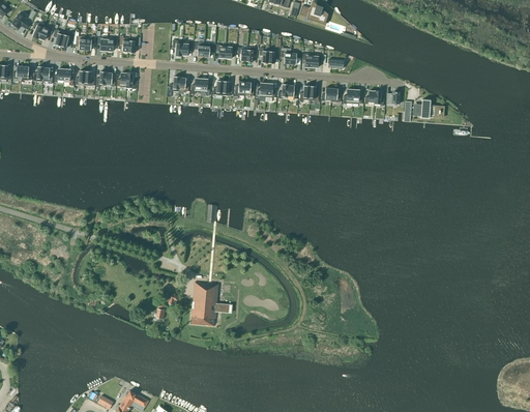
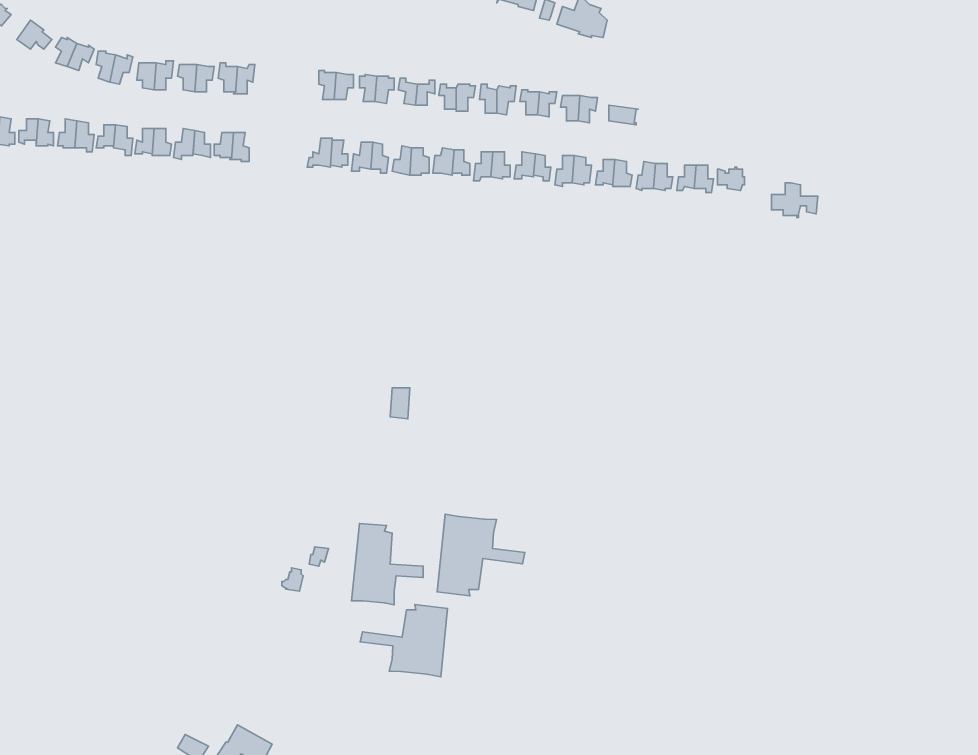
building: none -> [437,514,525,596]
building: none -> [360,605,448,677]

